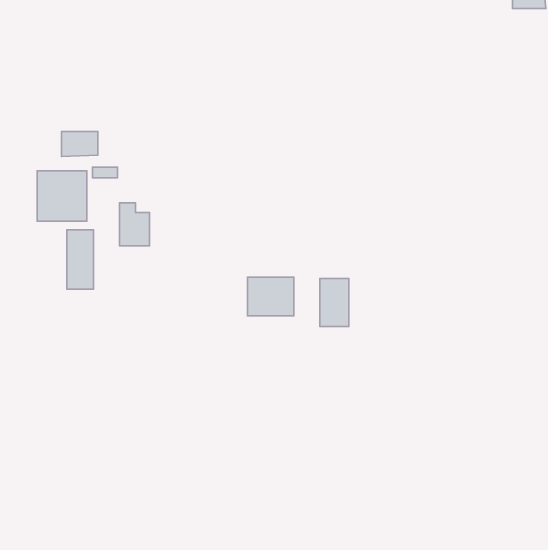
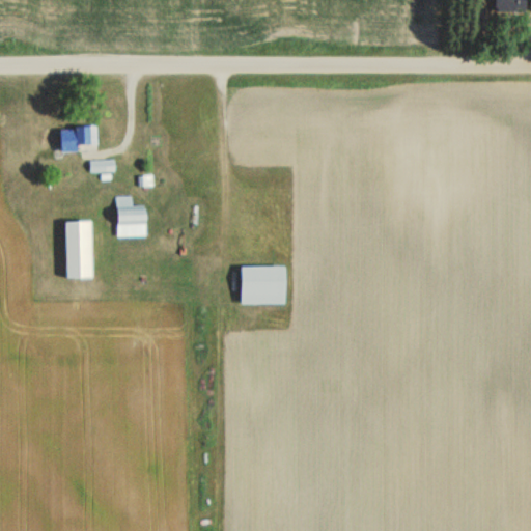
building: [37,171,87,221] -> none
building: [320,279,349,327] -> none

